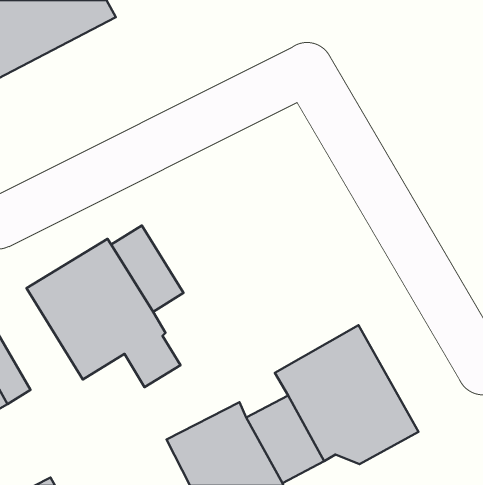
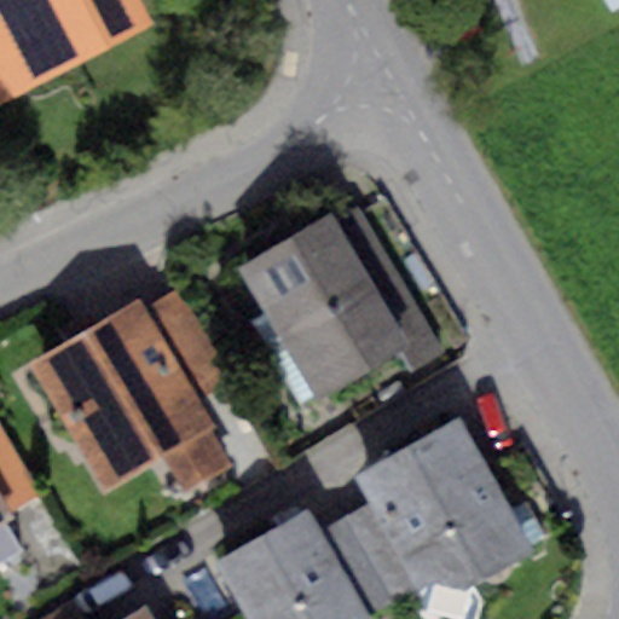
building: none -> [233,208,441,403]

